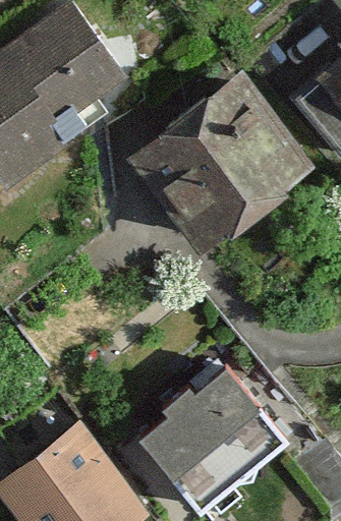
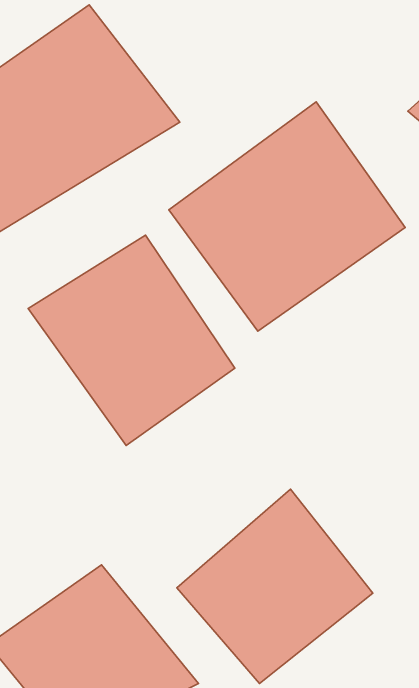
building: none -> [28,235,235,446]

